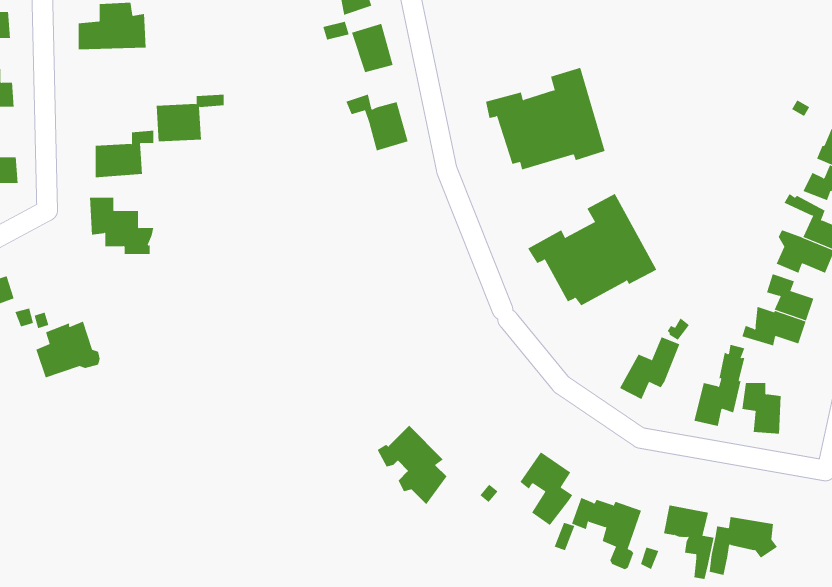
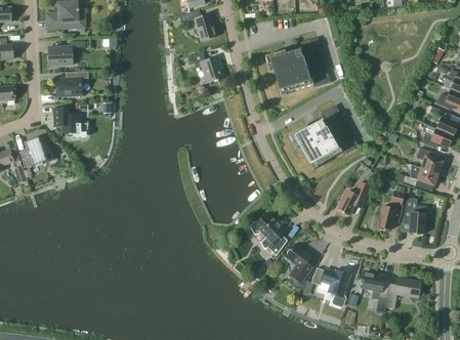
building: [156,94,225,142] -> [48,40,85,66]
building: [36,321,101,378] -> [19,136,54,167]
building: [377,425,447,505] -> [249,212,287,255]

